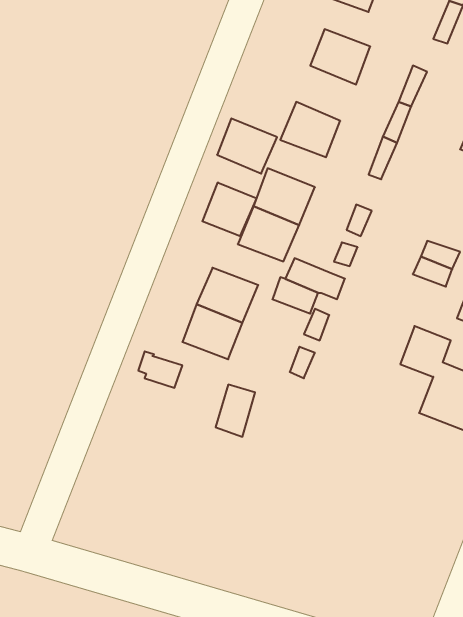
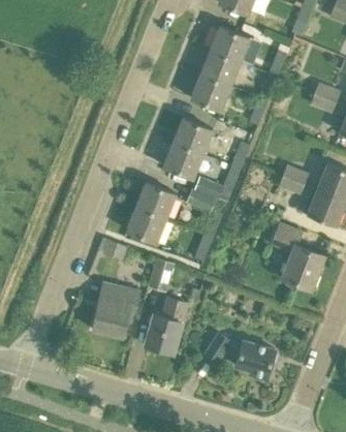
building: [217,118,277,174] -> [200,51,240,87]
building: [202,182,256,236] -> none
building: none -> [92,285,138,337]
building: none -> [147,298,188,353]
building: none -> [202,333,275,380]

